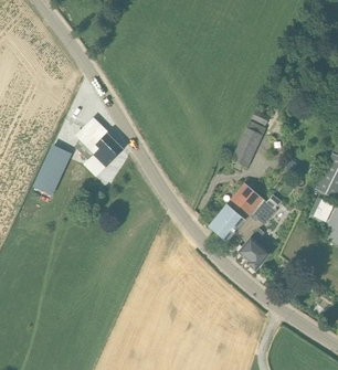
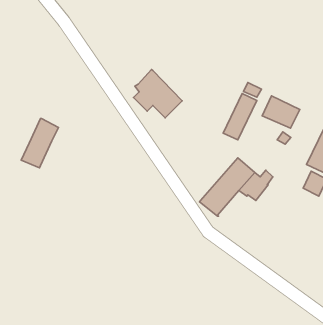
building: [75,118,123,166] -> [134,69,182,118]
building: none -> [262,96,300,128]
building: [235,228,274,269] -> none

